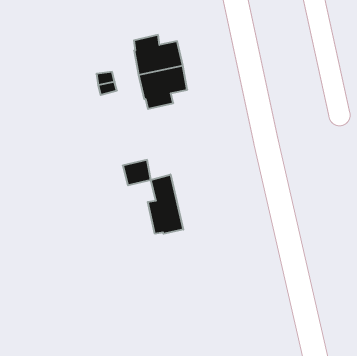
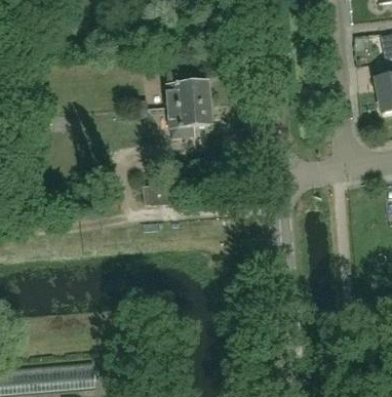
building: [148,174,183,234] -> none

